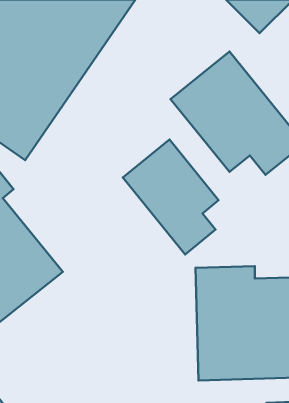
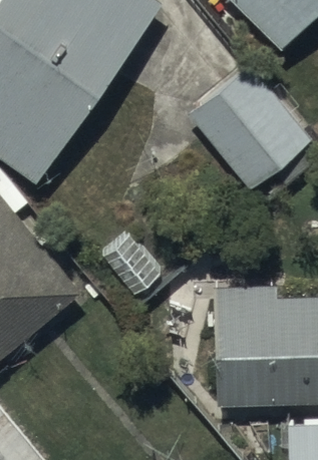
building: [123,139,219,254] -> none

